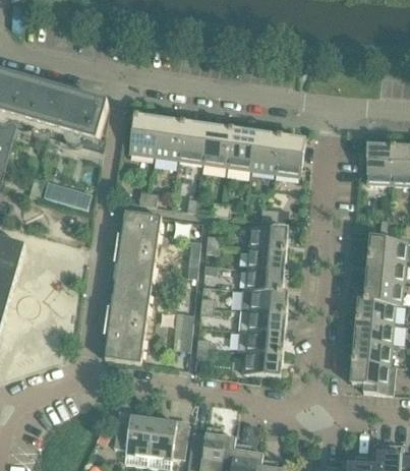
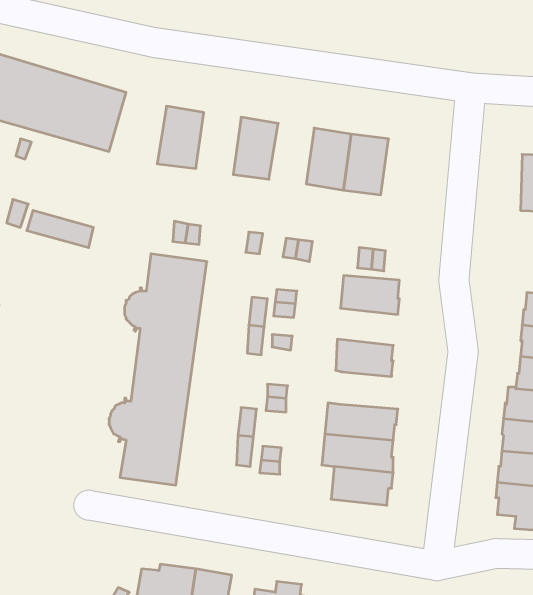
building: [154,118,183,159] -> none
building: [201,125,231,165] -> none
building: [275,135,304,175] -> none
building: [246,246,286,271] -> none
building: [248,288,287,312] -> none

